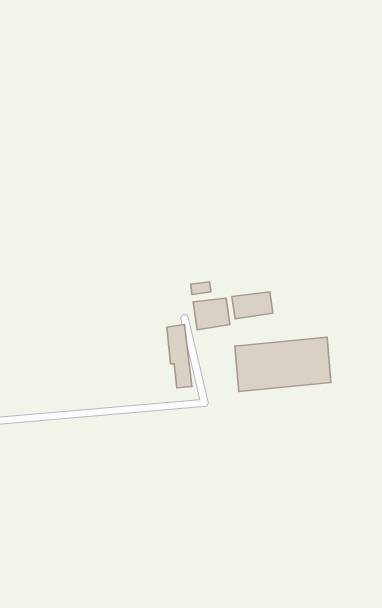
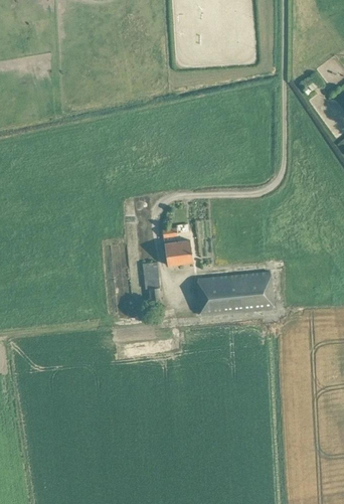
building: [232,292,273,319] -> none

